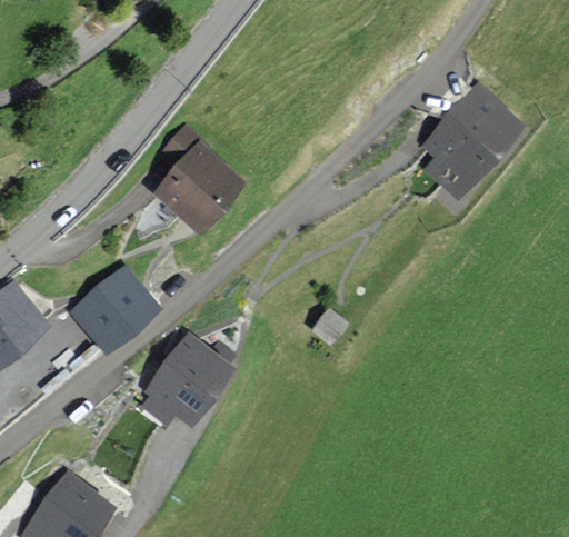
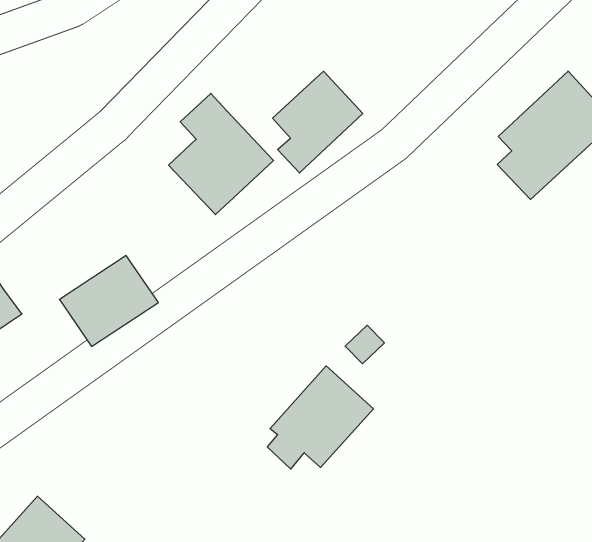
building: none -> [273,71,363,173]
building: [146,335,231,422] -> [267,366,374,469]

